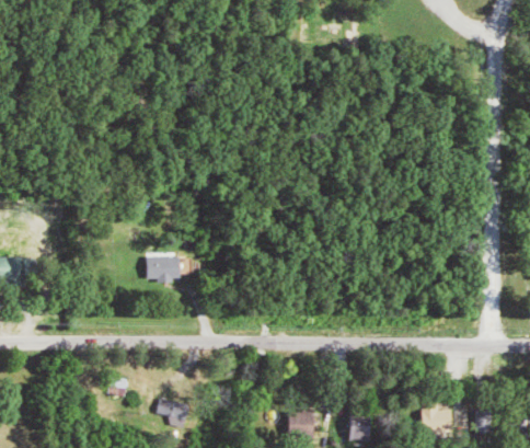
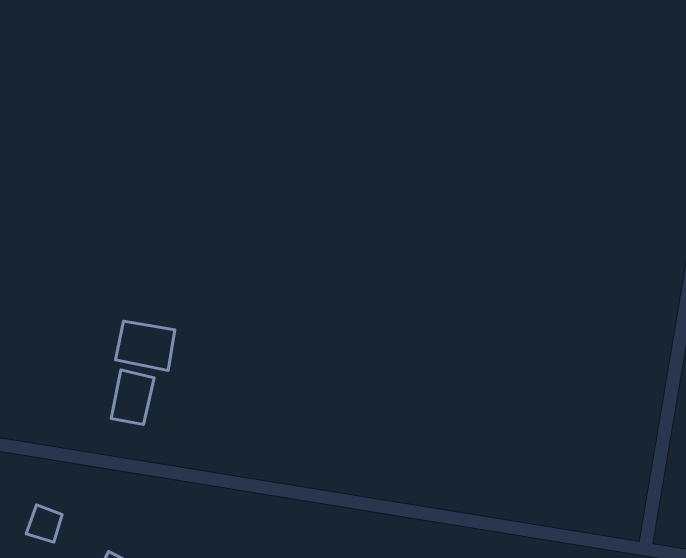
building: none -> [111,370,154,425]

